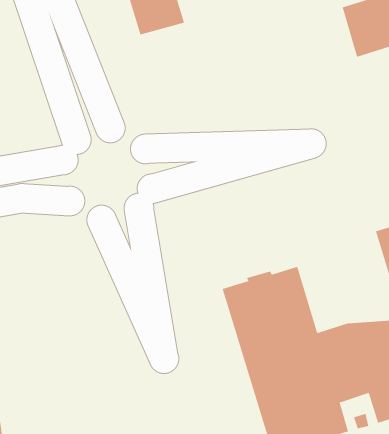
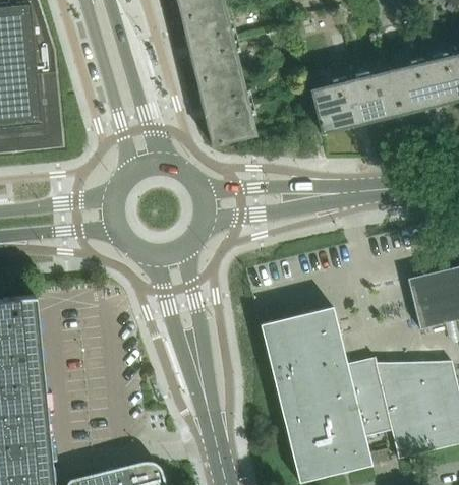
building: none -> [312,67,400,133]
building: none -> [198,73,256,146]

